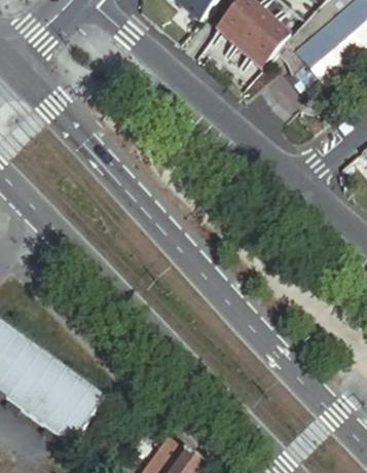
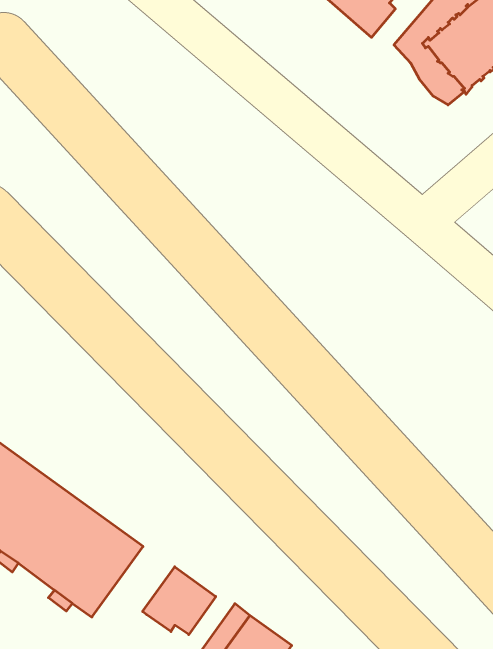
building: none -> [143,567,216,635]

